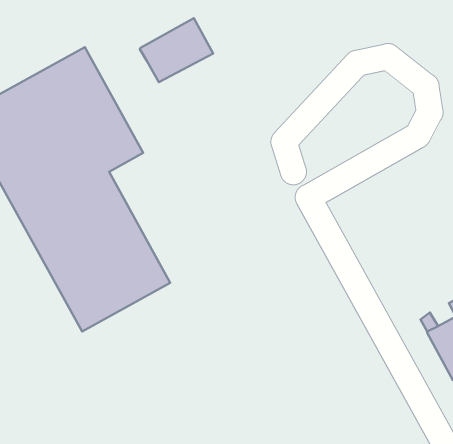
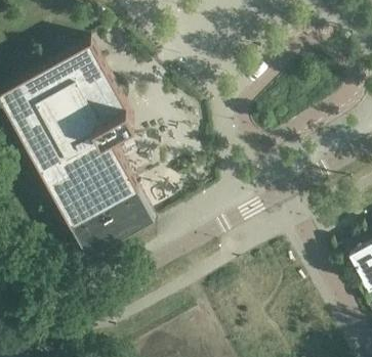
building: [140,18,213,82] -> none

